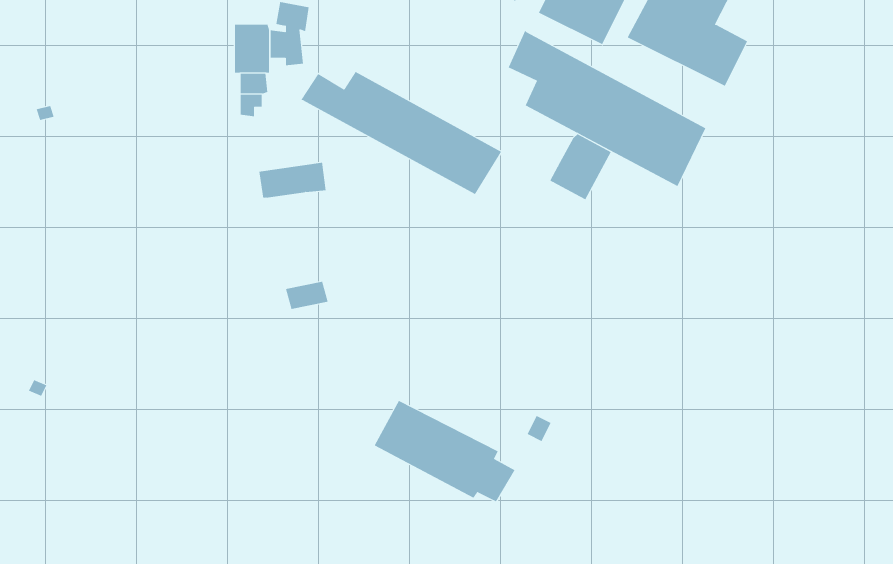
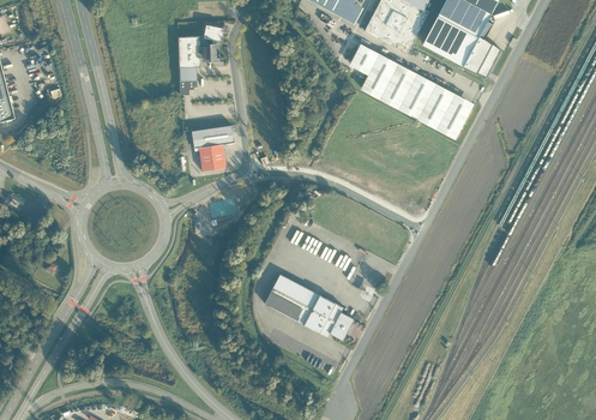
building: [300,71,502,195] -> none
building: [550,133,612,200] -> none
building: none -> [195,144,223,170]

